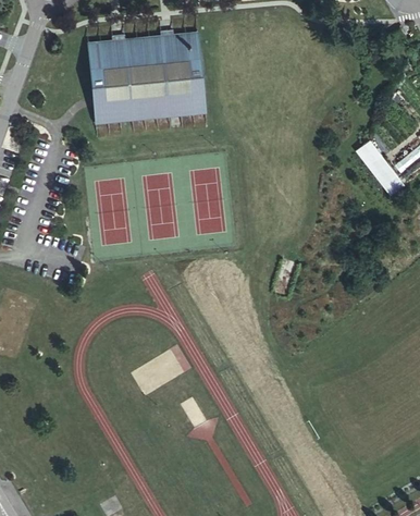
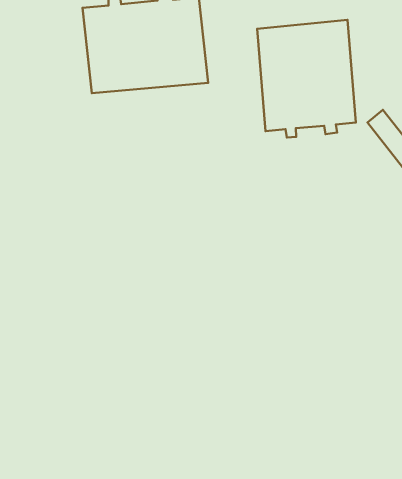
building: none -> [257,20,356,138]

